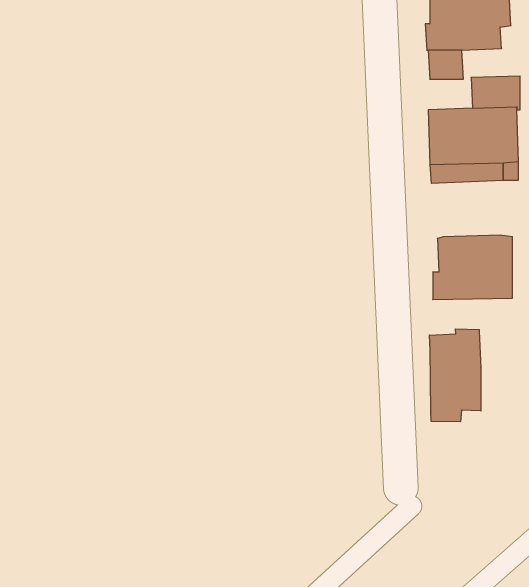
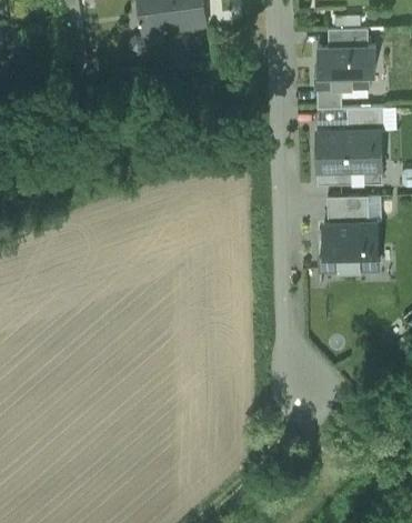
building: none -> [328,195,369,222]
building: [429,329,481,422] -> none

